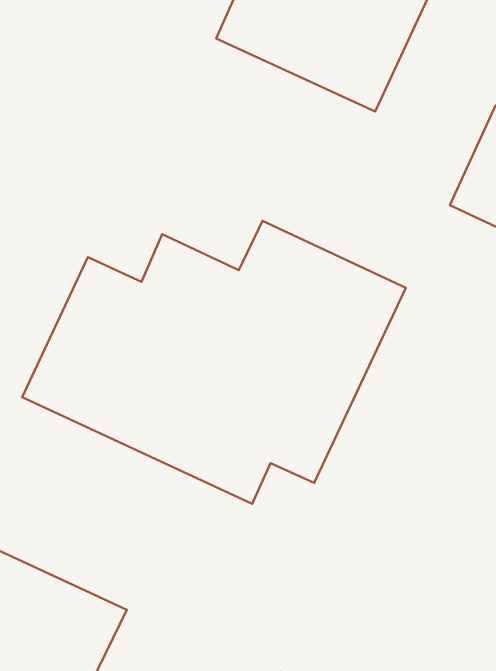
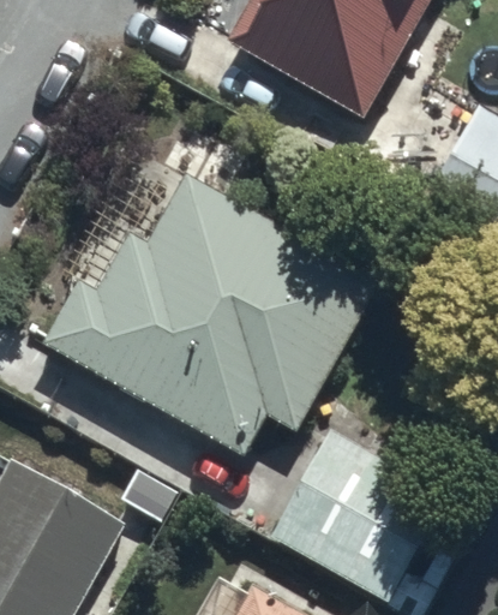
building: none -> [274,438,433,592]

